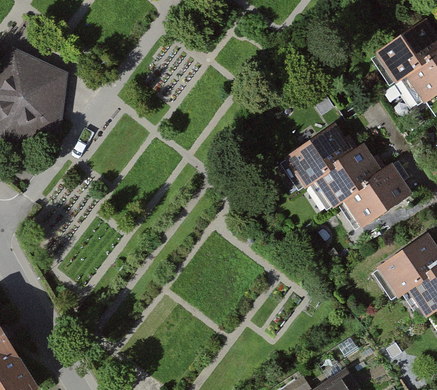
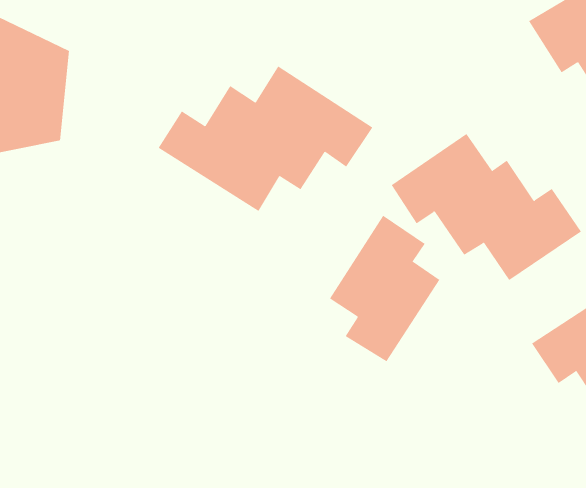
building: none -> [158,66,373,212]
building: none -> [329,215,440,362]

